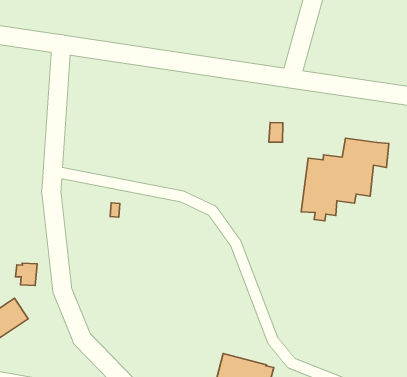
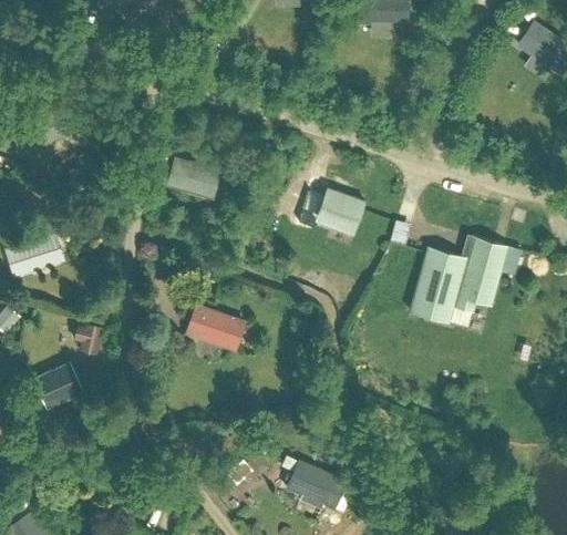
building: none -> [168,158,219,197]
building: none -> [316,187,363,234]
building: none -> [187,306,244,349]

